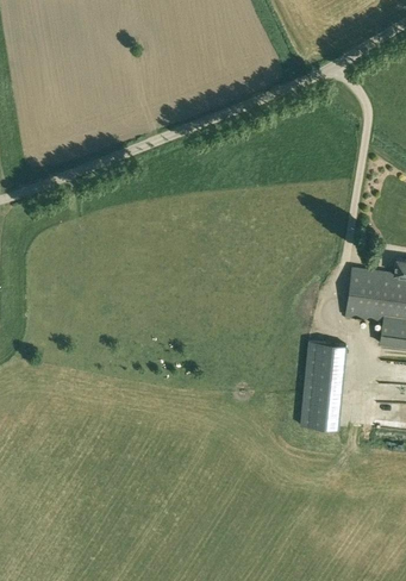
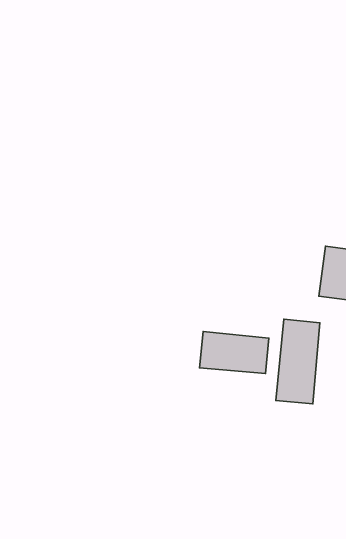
building: none -> [200,332,269,373]

